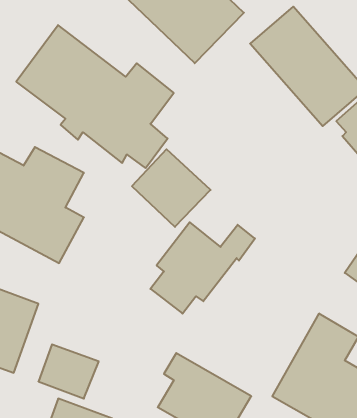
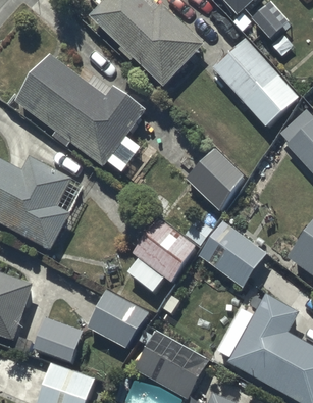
building: [132,149,211,227] -> [185,147,250,211]
building: none -> [198,221,267,288]
building: none -> [86,289,147,349]

